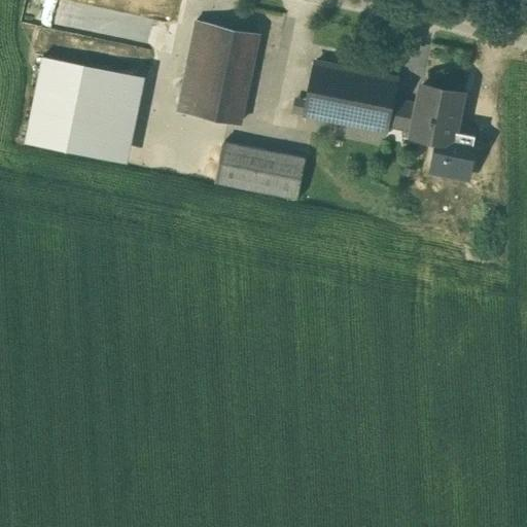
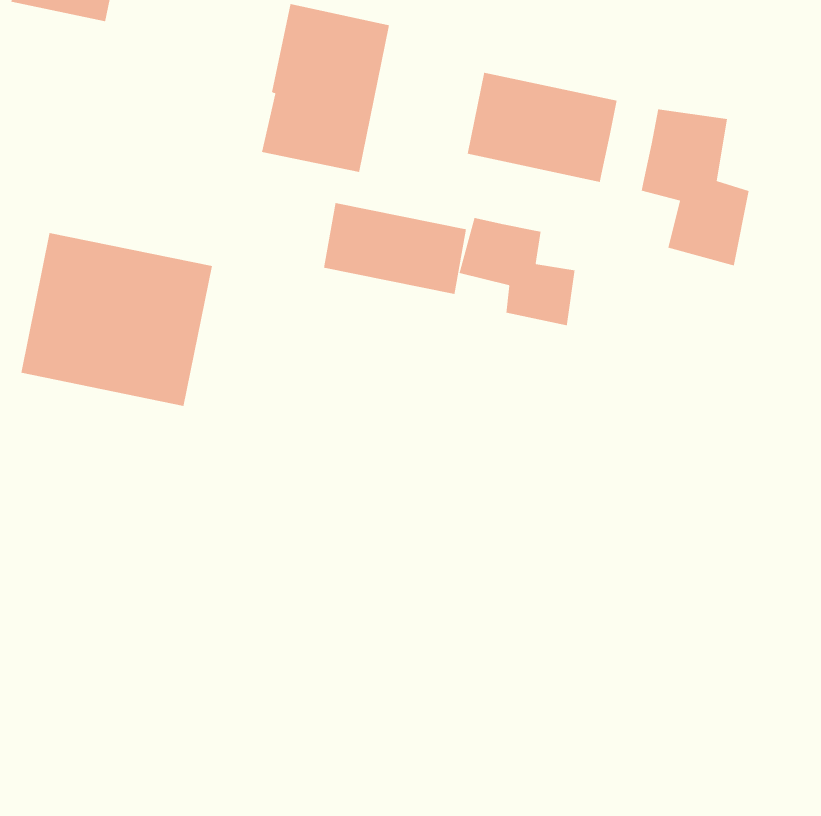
building: [26,57,144,164] -> [20,232,213,406]
building: [388,103,418,132] -> none
building: none -> [459,217,575,326]

